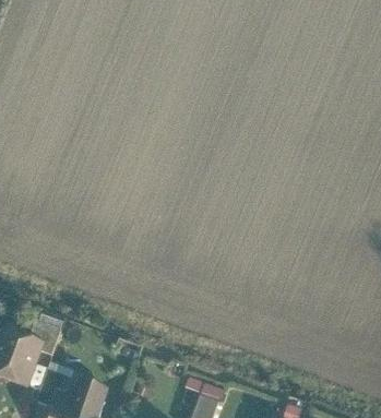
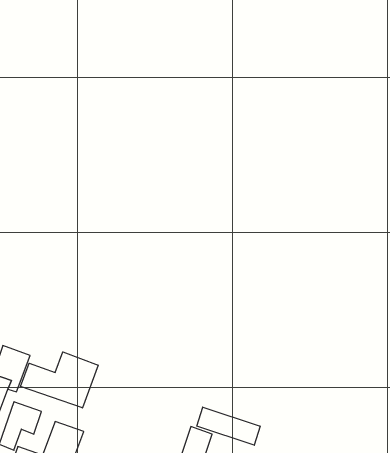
building: none -> [20,352,98,408]
building: none -> [197,407,260,445]

